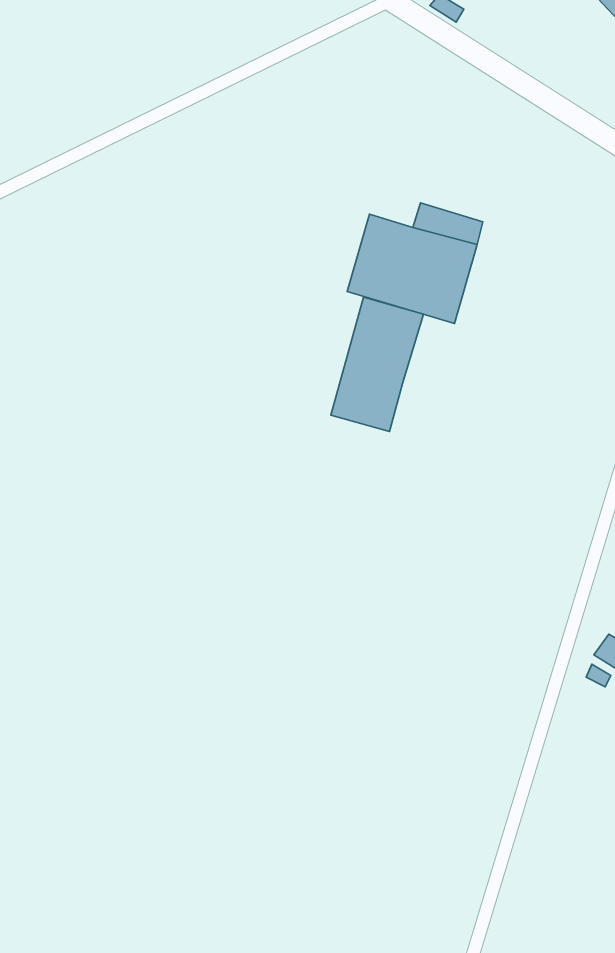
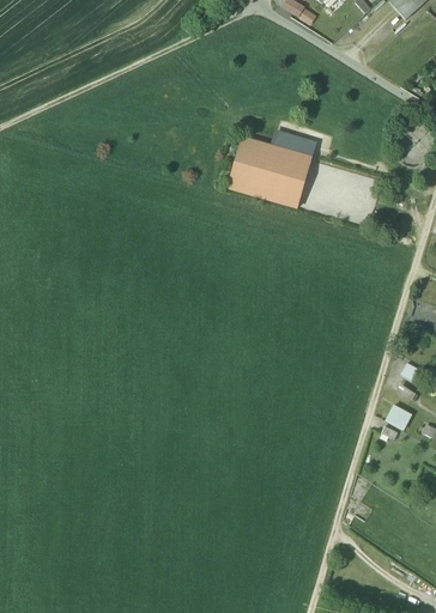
building: [331,297,424,431] -> none

